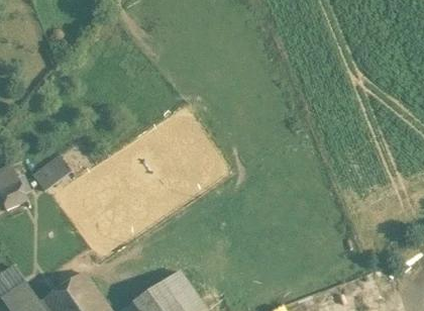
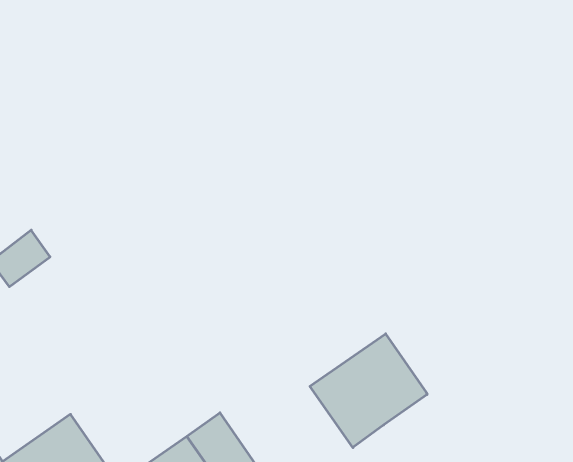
building: none -> [310,334,427,448]

